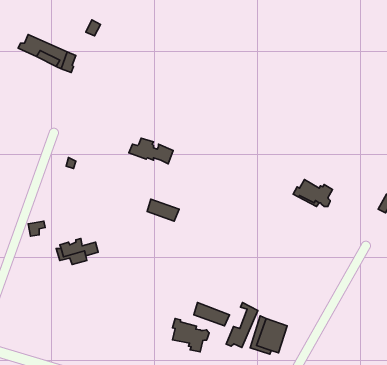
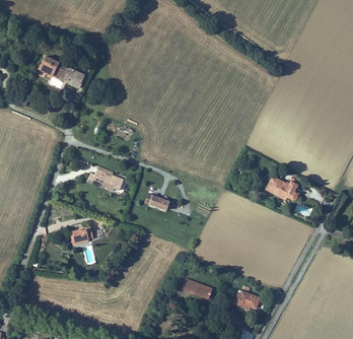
building: [129,138,173,164] -> [86,168,123,190]
building: [226,302,258,347] -> none
building: [172,319,209,352] -> none

